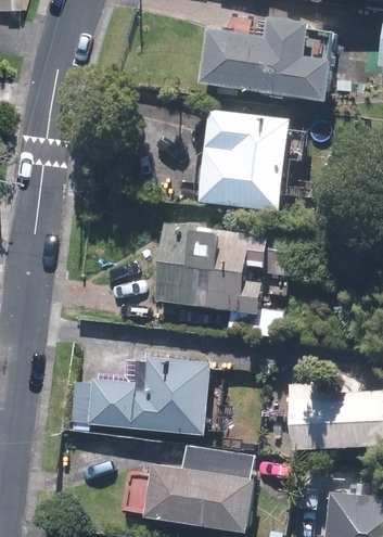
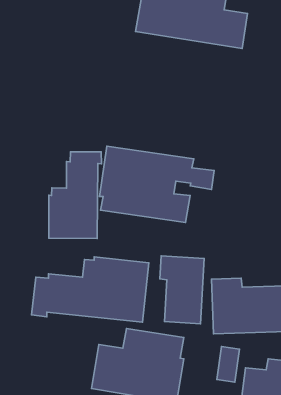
building: [196,111,289,213] -> none
building: none -> [49,152,101,239]
building: none -> [160,256,204,324]

